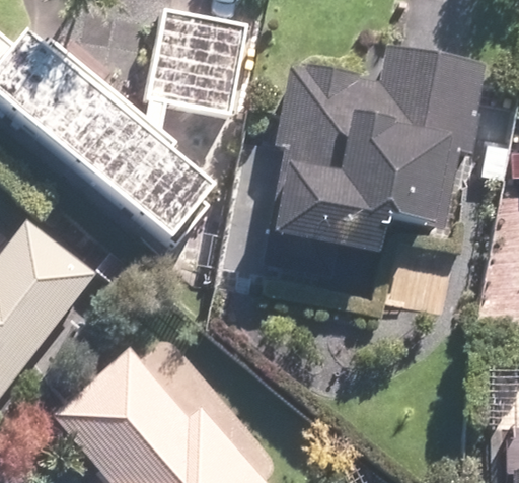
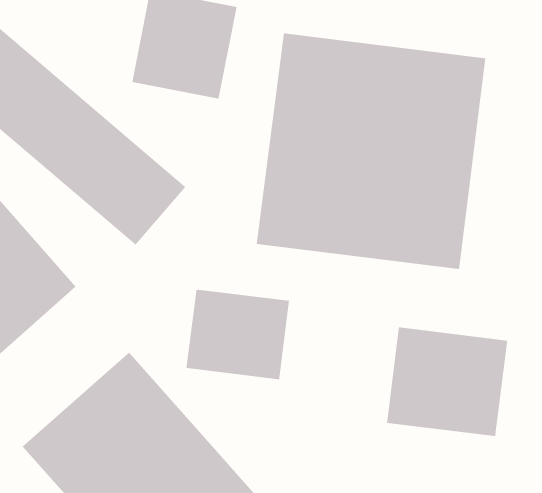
building: none -> [186,289,290,380]
building: none -> [386,327,508,437]

